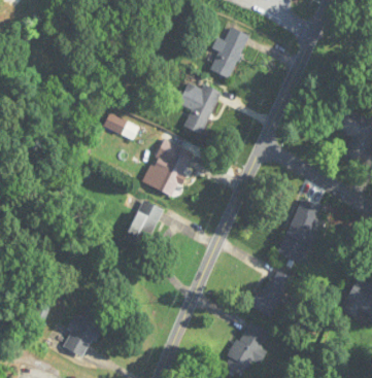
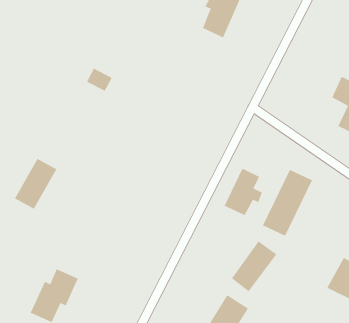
building: [177,79,218,133] -> none
building: [151,143,193,196] -> none
building: [124,199,163,247] -> [14,158,57,209]
building: none -> [224,168,263,216]

